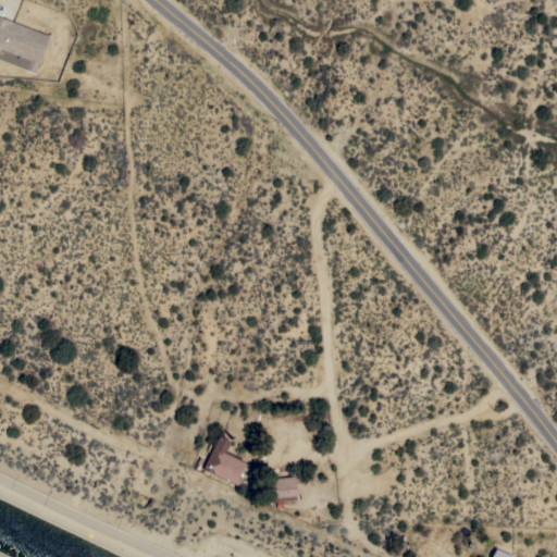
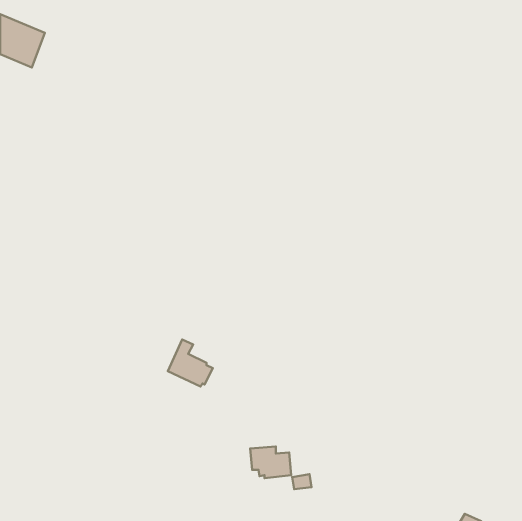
building: [202,436,250,486] -> [168,339,213,386]

